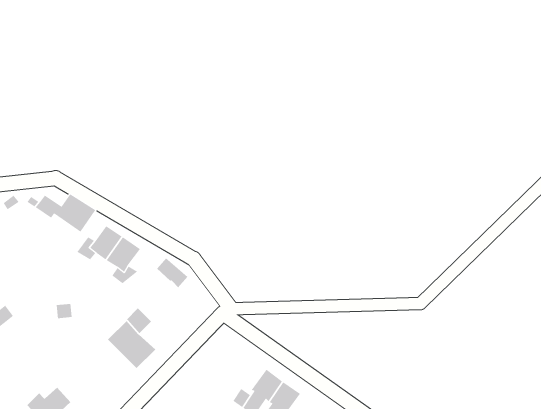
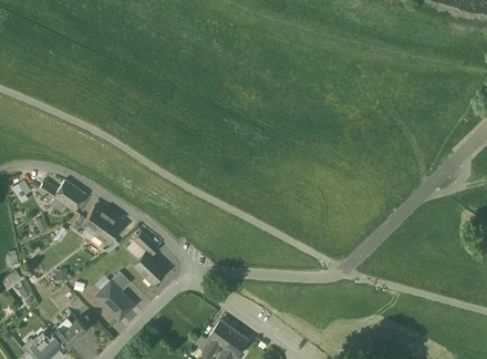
building: none -> [132,250,167,285]
building: none -> [51,318,86,347]

